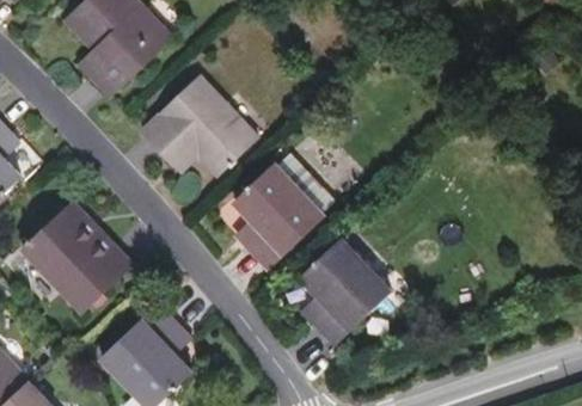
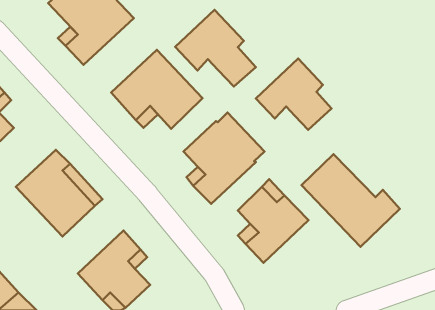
building: none -> [175,10,256,87]
building: none -> [256,59,332,130]
building: none -> [301,154,400,247]

